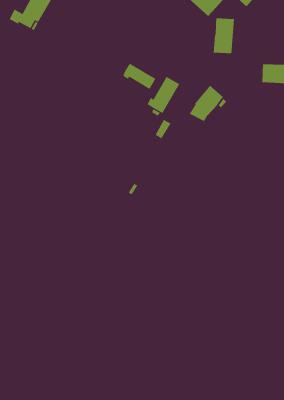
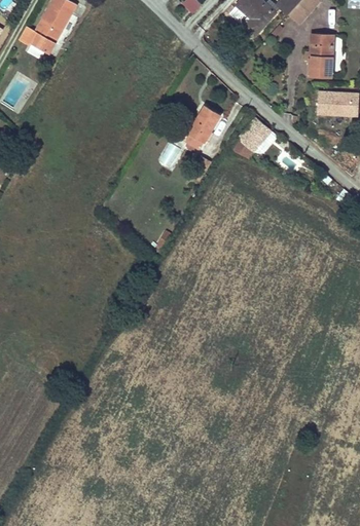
building: [213,18,235,54] -> [309,34,334,76]
building: [122,63,156,90] -> none

